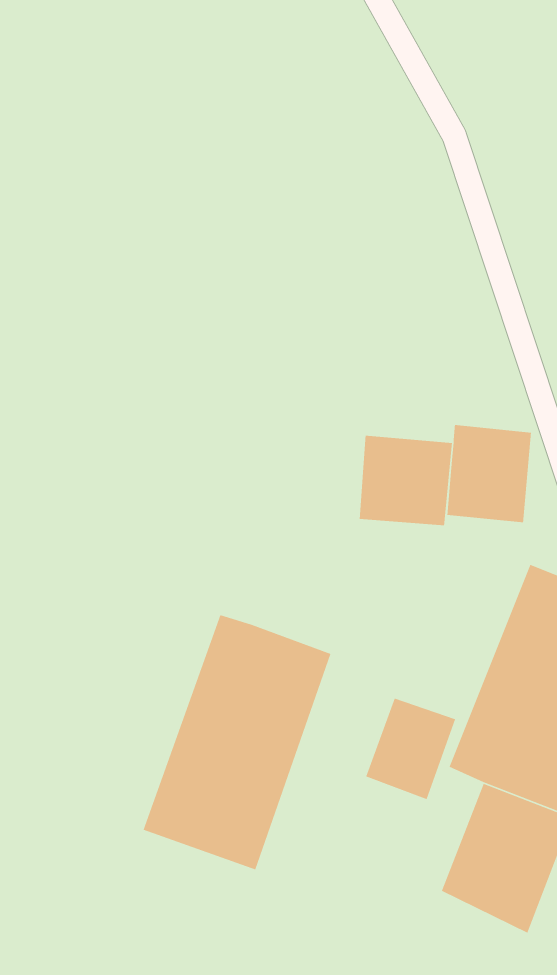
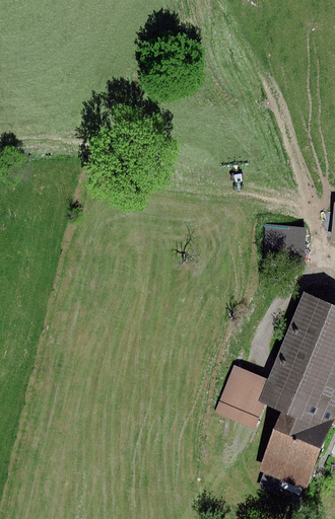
building: [359,435,453,526] -> none
building: [143,614,332,871] -> none

